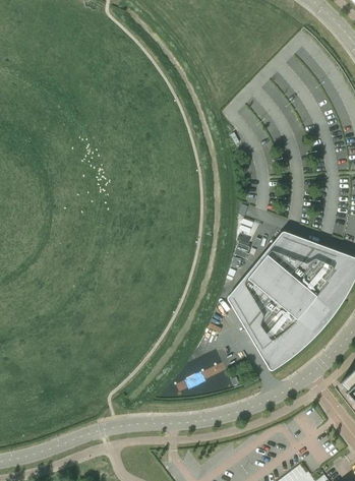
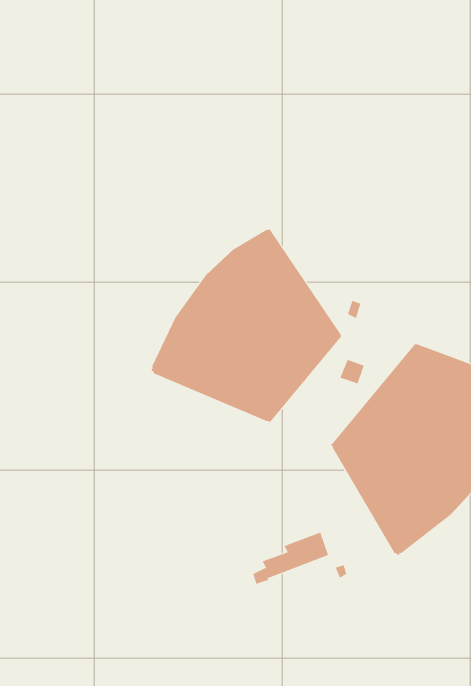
building: none -> [151,229,342,423]

